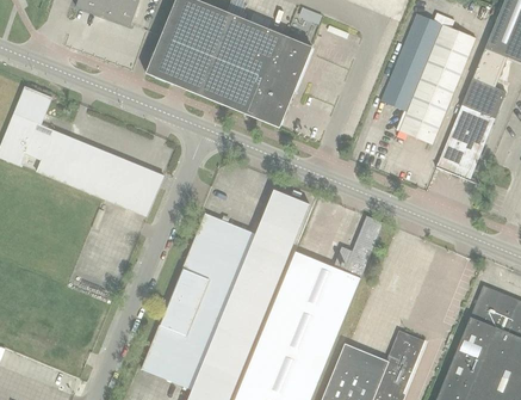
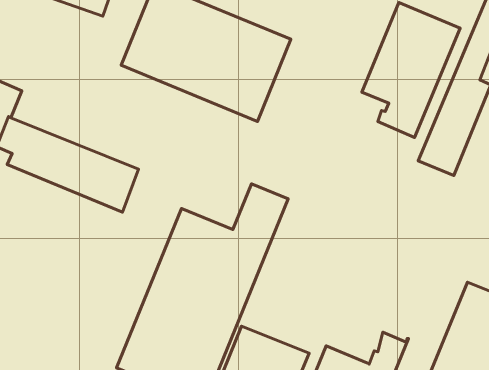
building: [263,215,383,353] -> none

